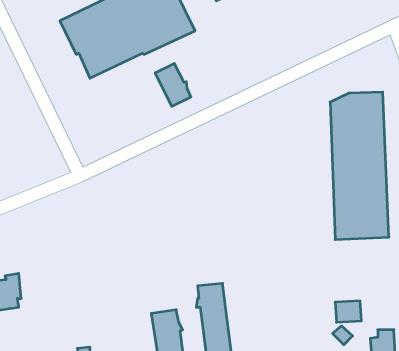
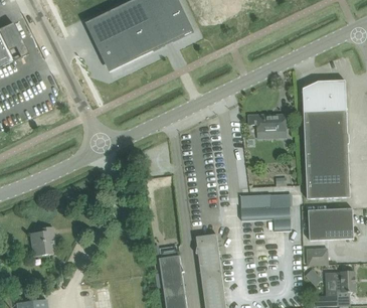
building: [155,63,191,106] -> none
building: none -> [248,113,286,131]
building: none -> [240,194,291,230]
building: none -> [308,207,353,240]

